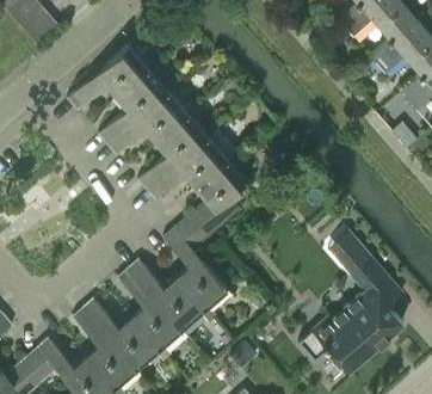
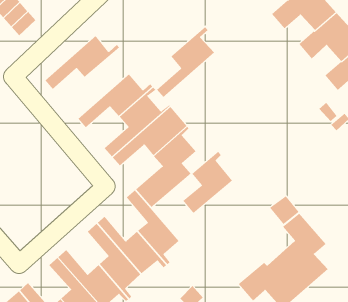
building: [99,60,168,144] -> [156,26,215,98]
building: none -> [183,151,233,214]

